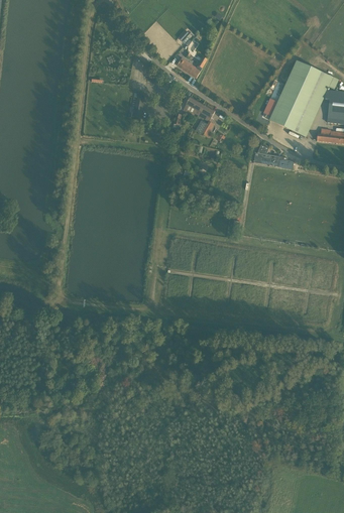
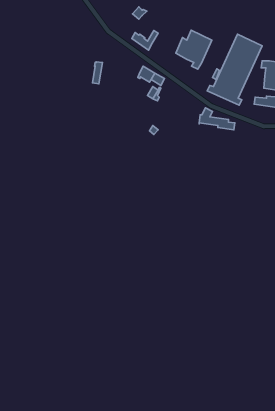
building: none -> [176,30,212,69]

